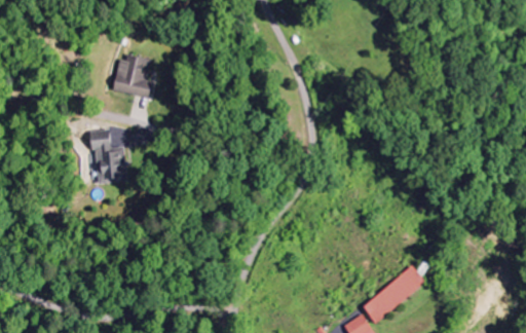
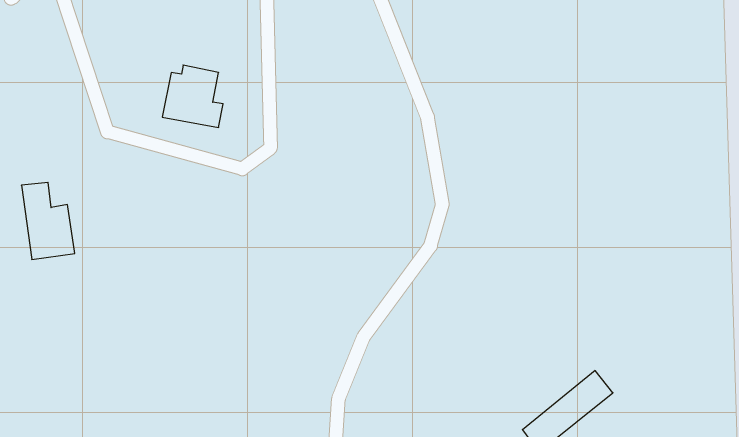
building: [92,130,129,183] -> [21,182,75,259]

